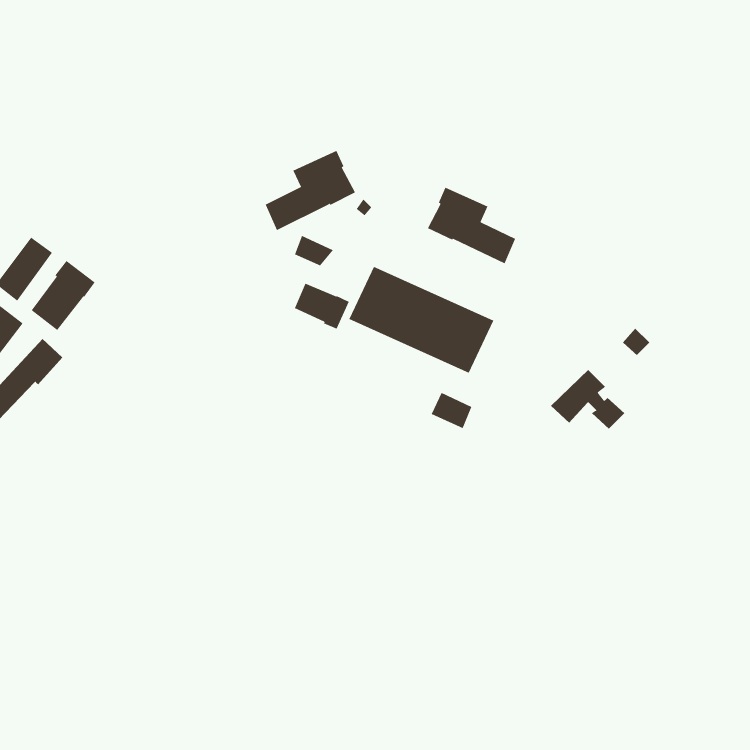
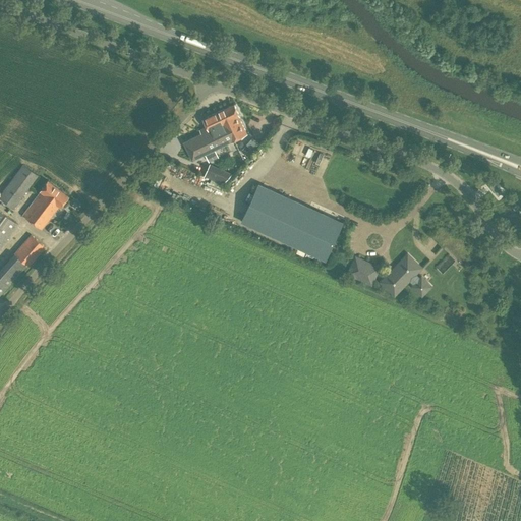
building: [427,187,516,264] -> none
building: [294,283,350,329] -> none
building: [431,392,472,429] -> [348,258,377,284]

